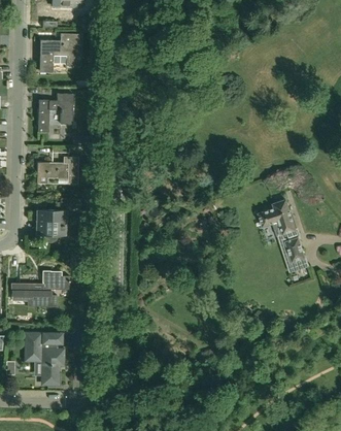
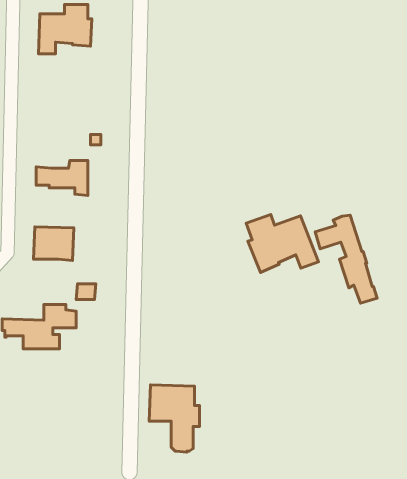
building: [38,93,73,132] -> none
building: none -> [246,214,318,272]
building: [24,332,64,386] -> [149,385,200,452]

